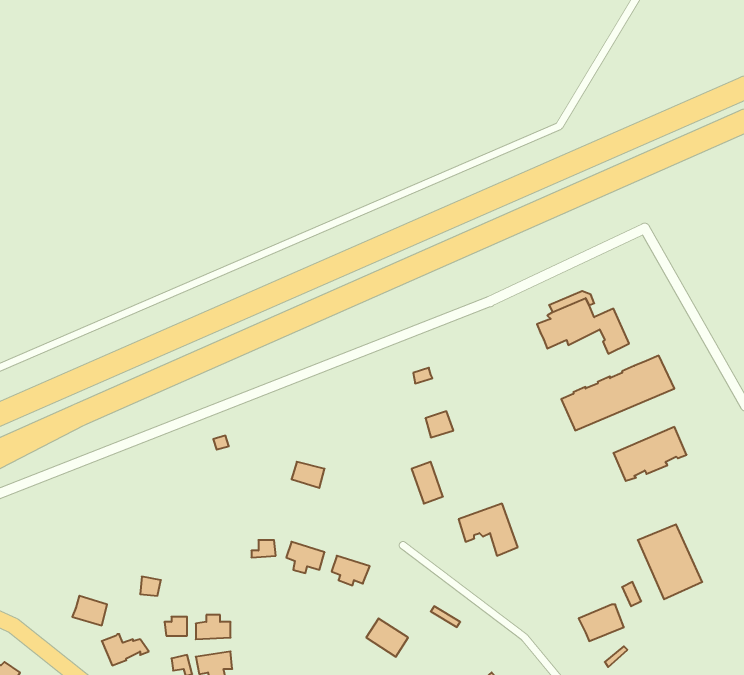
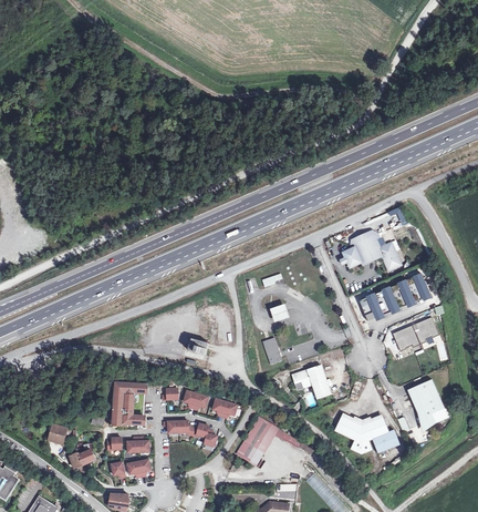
building: none -> [113,385,145,424]
building: none -> [242,416,274,451]
building: none -> [337,416,391,451]
building: none -> [163,420,217,447]

